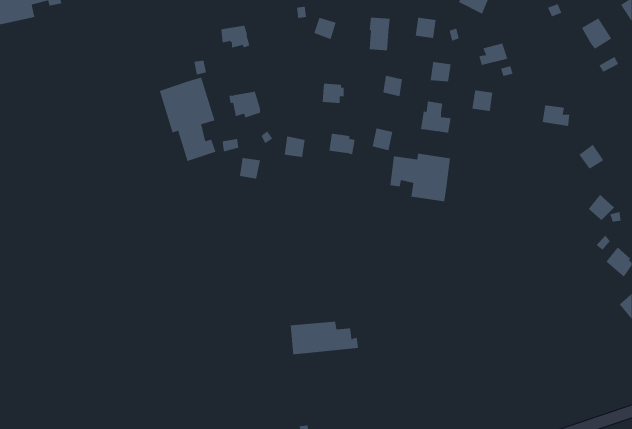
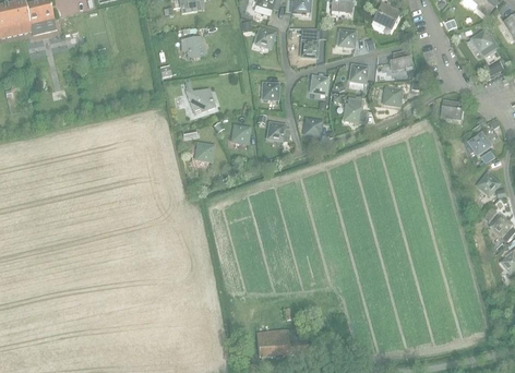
building: [159,77,216,162] -> none
building: [390,153,450,202] -> none
building: [290,321,359,355] -> [255,328,311,356]

